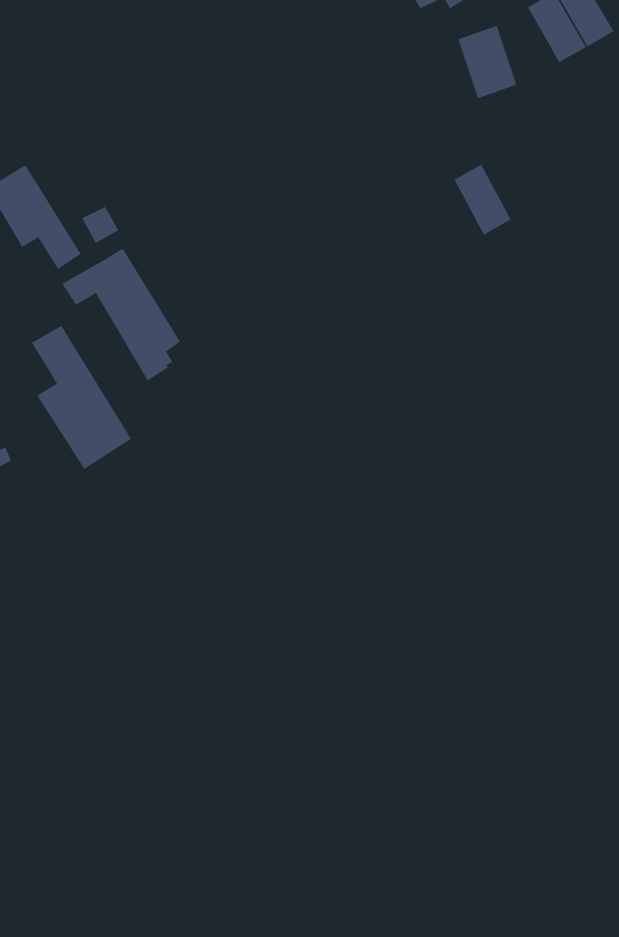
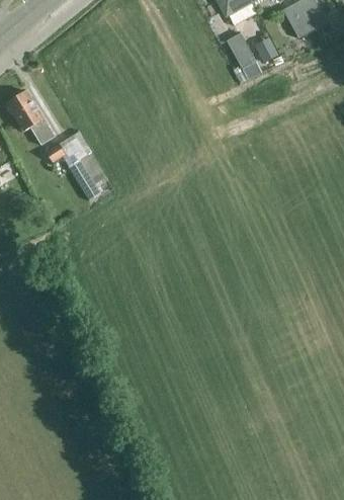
building: [454,164,511,235] -> [226,32,255,69]
building: [31,325,132,470] -> none

